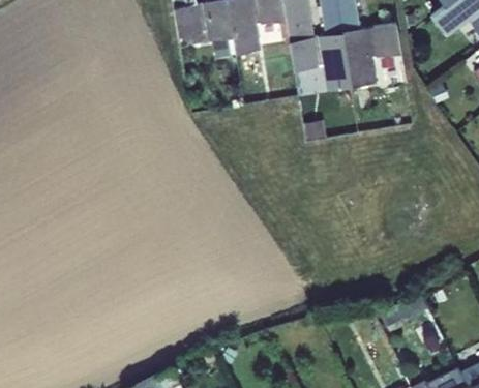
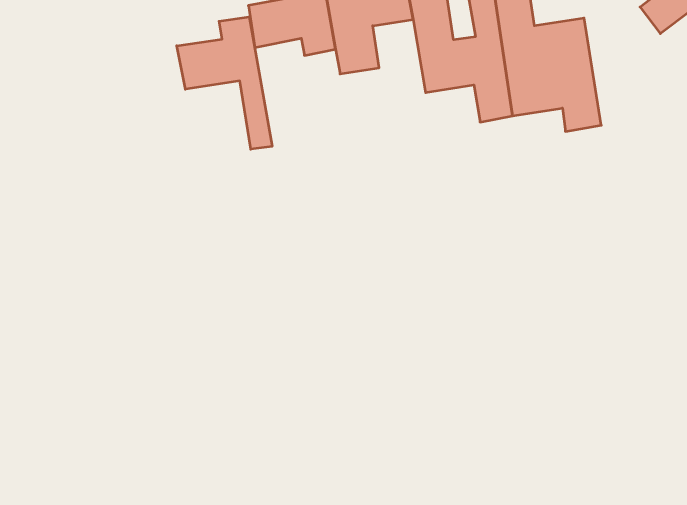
building: none -> [177,17,272,149]

